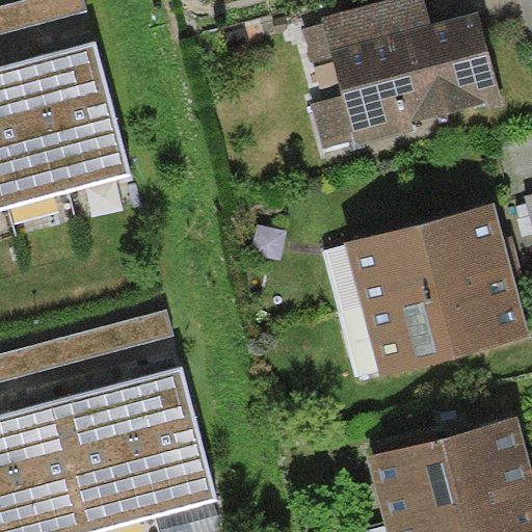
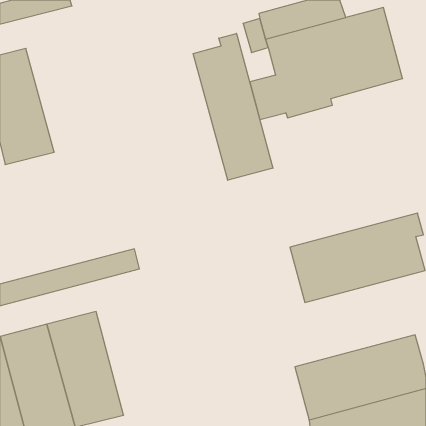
building: none -> [193,33,273,180]
building: [32,46,126,190] -> none
building: [344,203,520,309] -> none
building: [119,372,215,517] -> none

